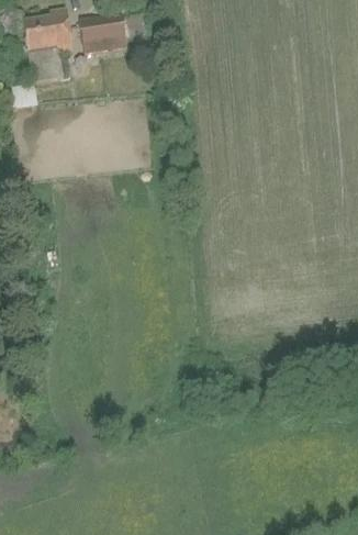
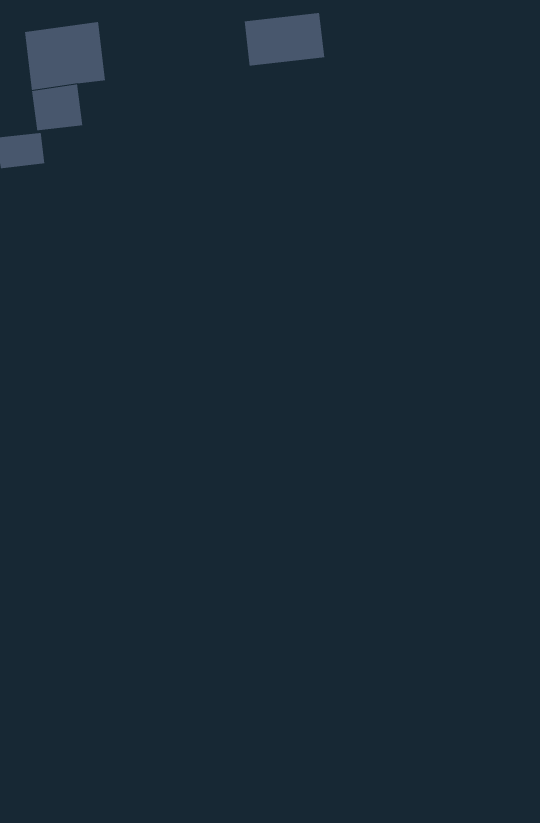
building: [72,18,124,52] -> [244,13,325,66]

